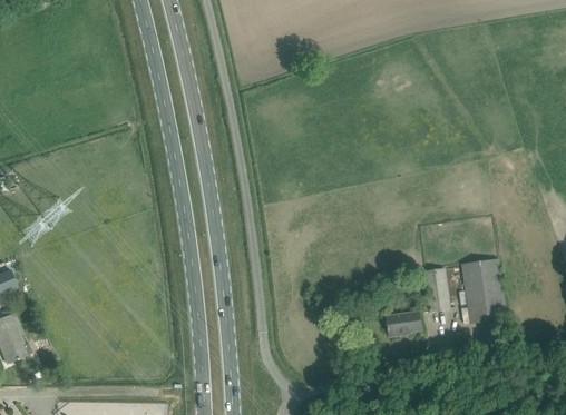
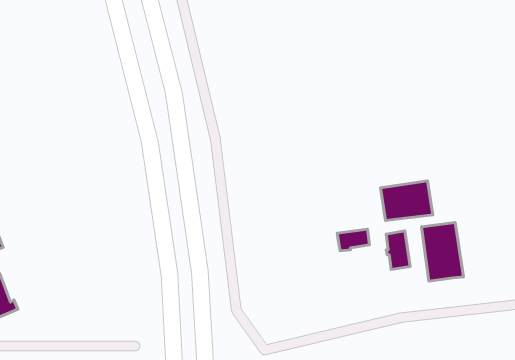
building: none -> [380,181,433,221]
building: [386,312,420,335] -> [337,229,369,251]

